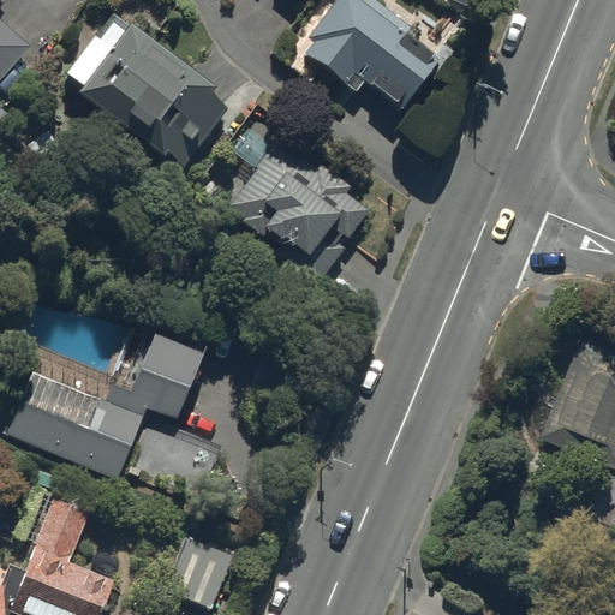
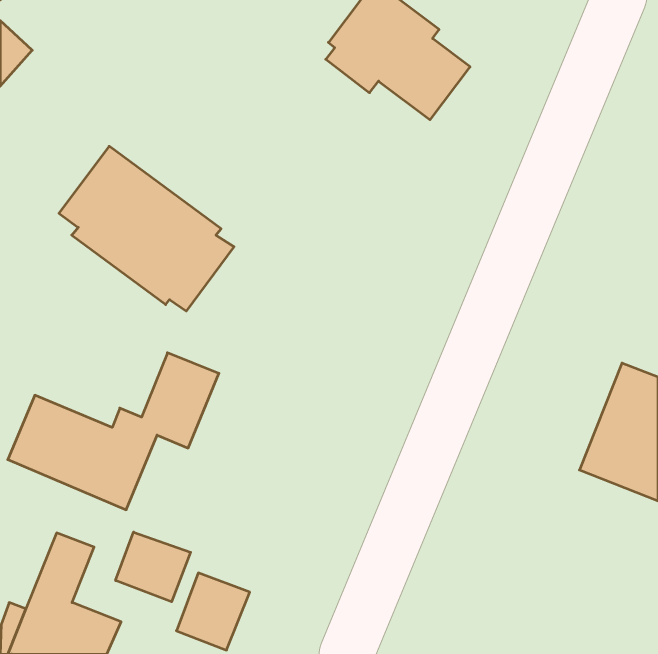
building: [64,18,227,172] -> [59,146,234,311]
building: [228,130,369,289] -> none
building: none -> [116,532,191,602]

